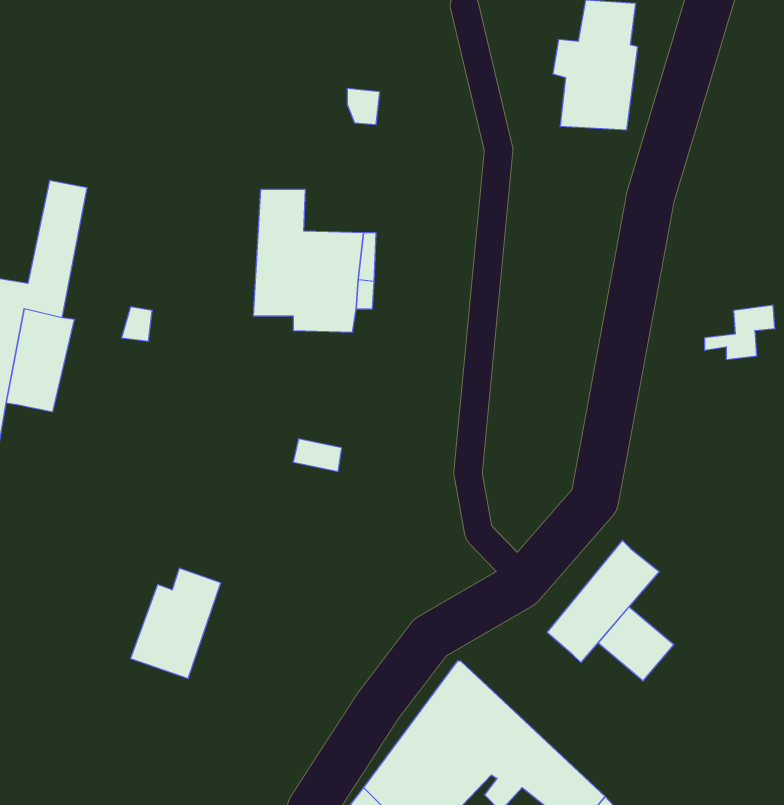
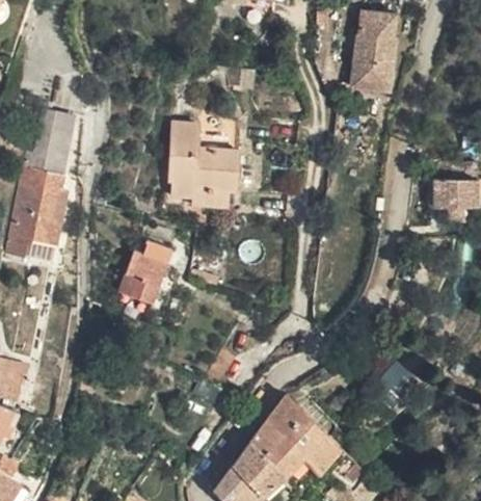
building: none -> [424,175,467,209]
building: [547,540,659,662] -> none
building: [131,568,221,678] -> [121,243,172,307]

